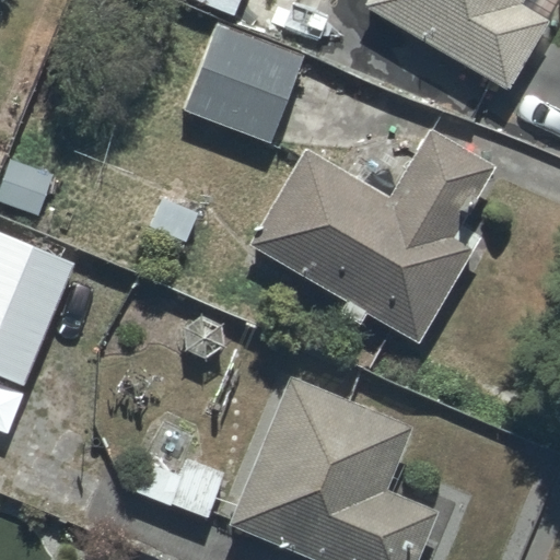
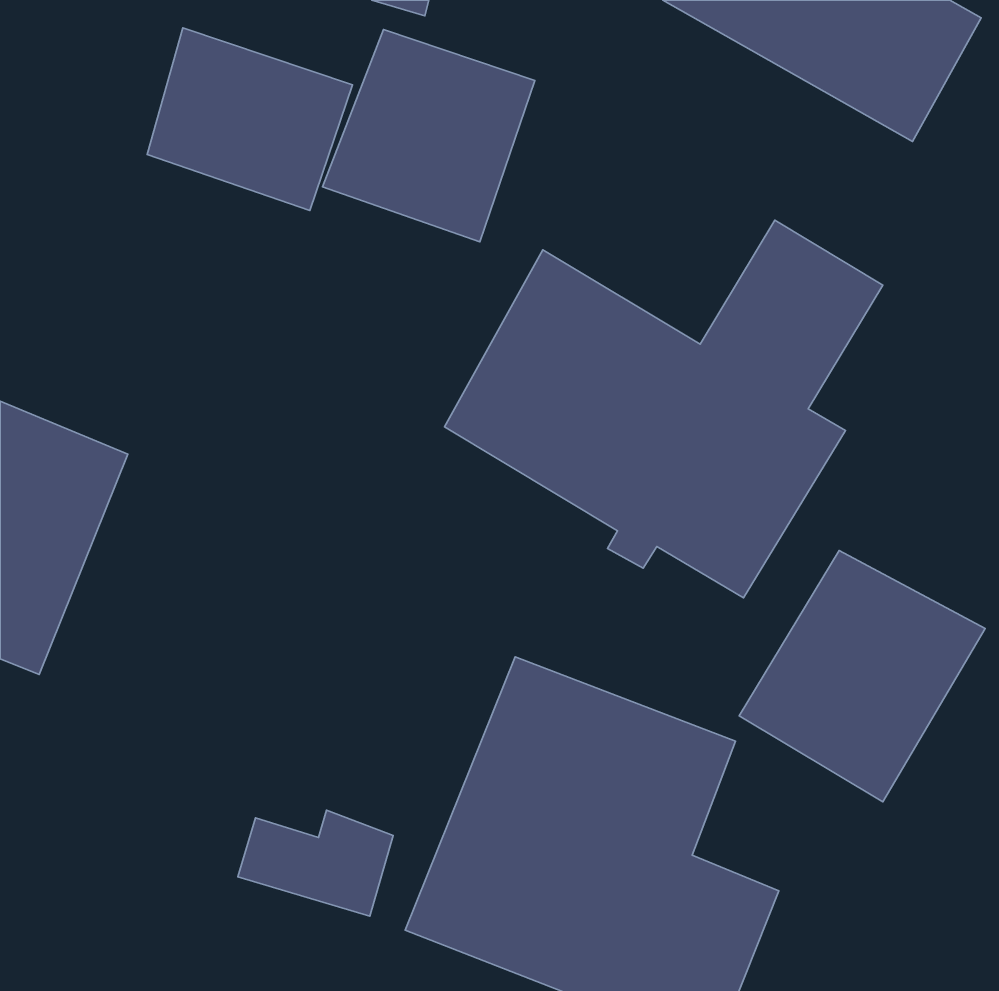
building: none -> [147,28,353,210]
building: none -> [739,551,985,802]

